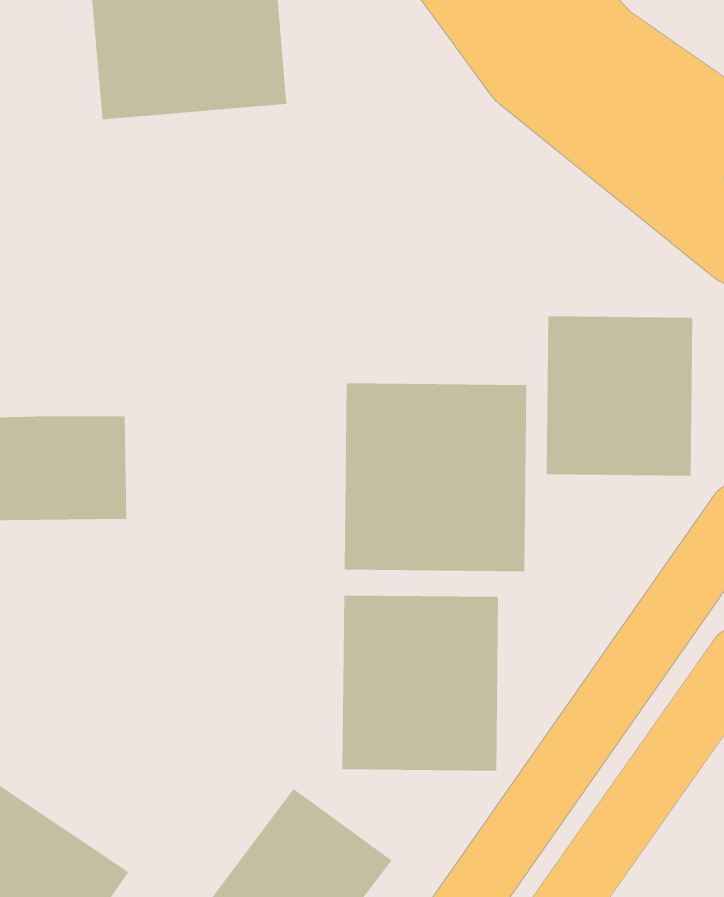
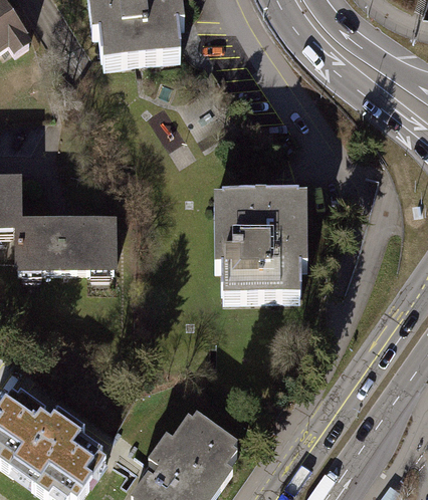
building: [546,316,693,476] -> none
building: [342,595,499,771] -> none

